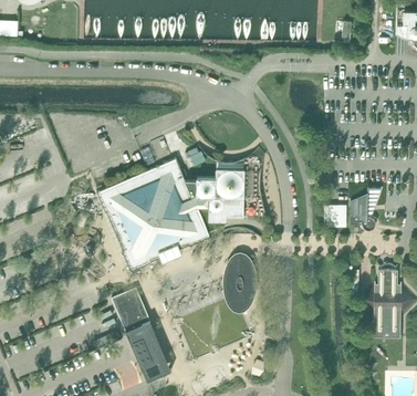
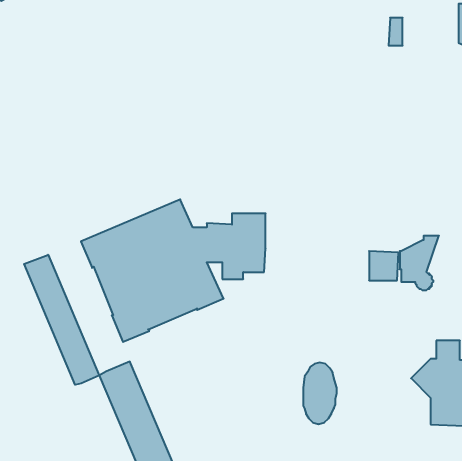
building: none -> [24,255,99,385]
building: [226,259,252,308] -> [303,363,337,424]

